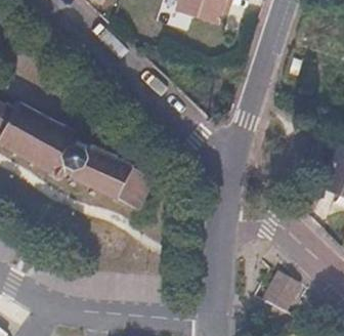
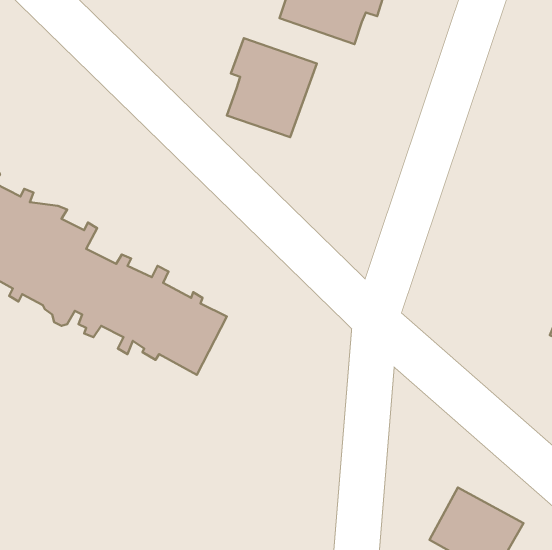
building: none -> [227,38,317,137]

